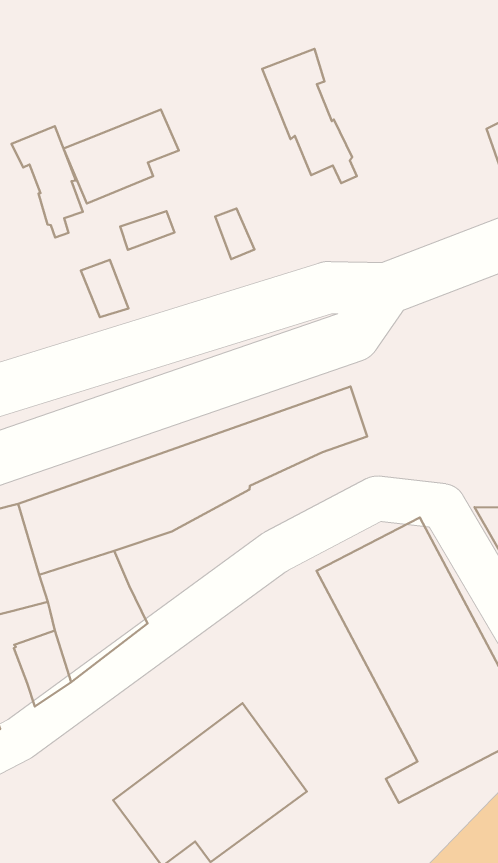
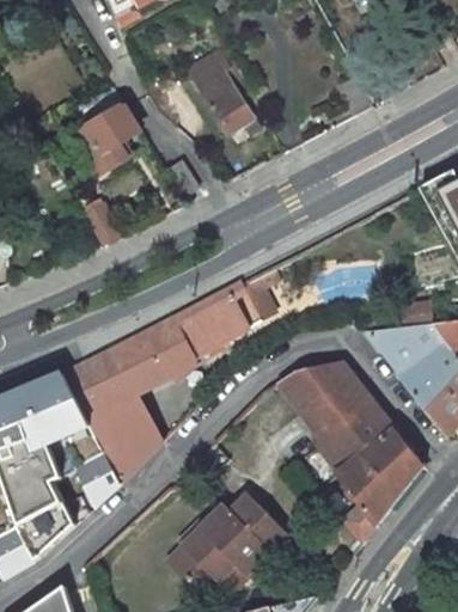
building: [12,126,83,238] -> none

